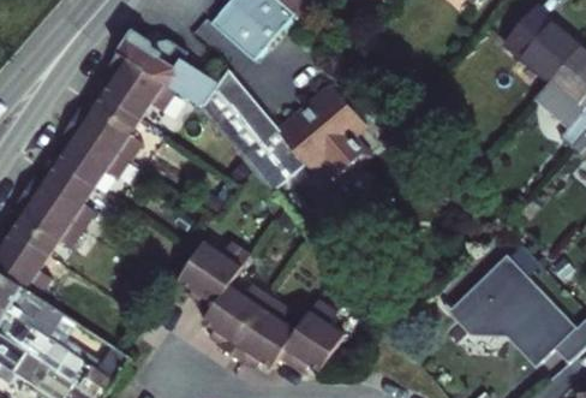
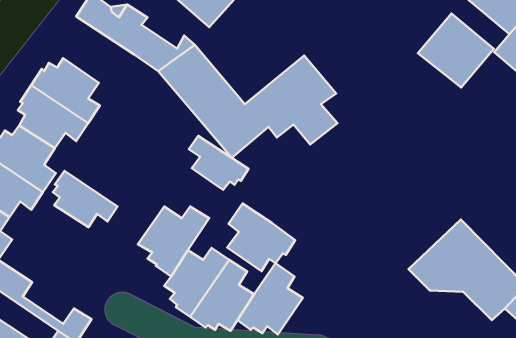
building: none -> [418,14,494,87]
building: [101,52,174,119] -> none
building: none -> [189,136,249,190]
building: none -> [53,171,118,227]
building: none -> [227,203,295,271]

